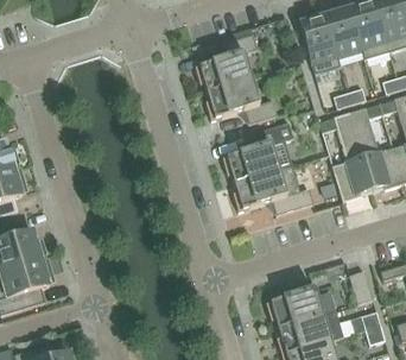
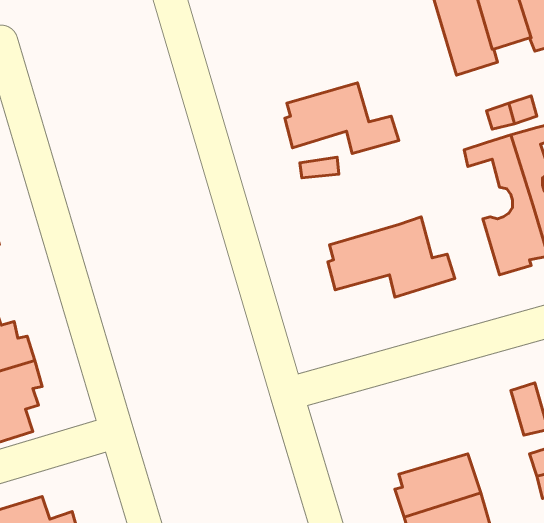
building: [195,33,258,91] -> none
building: [222,121,293,182] -> none
building: [266,288,336,328] -> none

